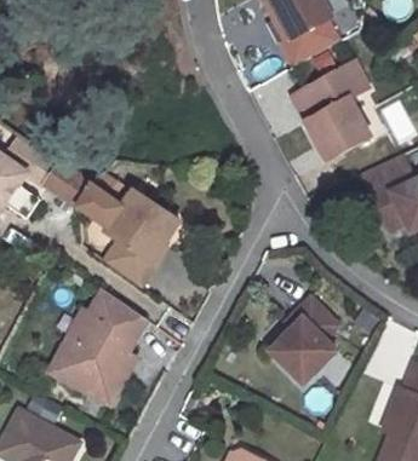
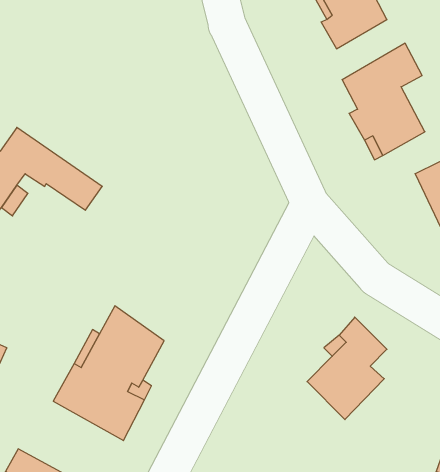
building: [78,184,181,284] -> none

